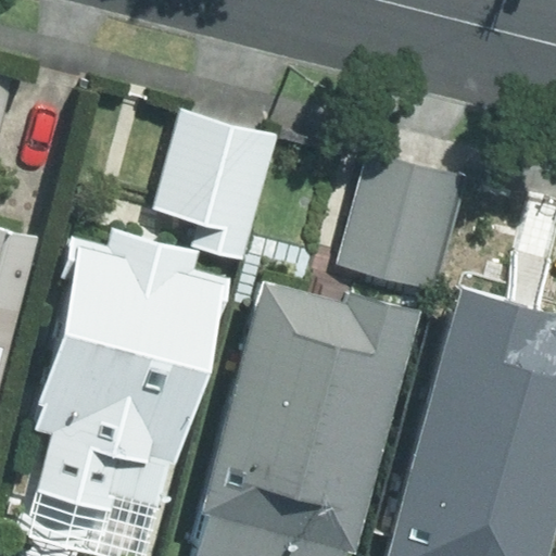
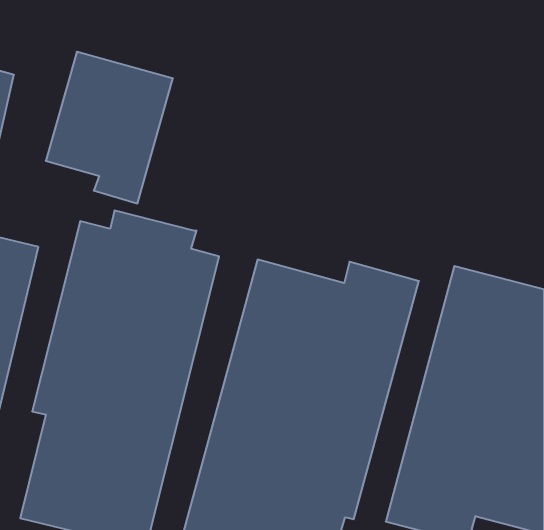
building: [149,109,278,263] -> [46,52,173,203]
building: [337,155,466,296] -> none

